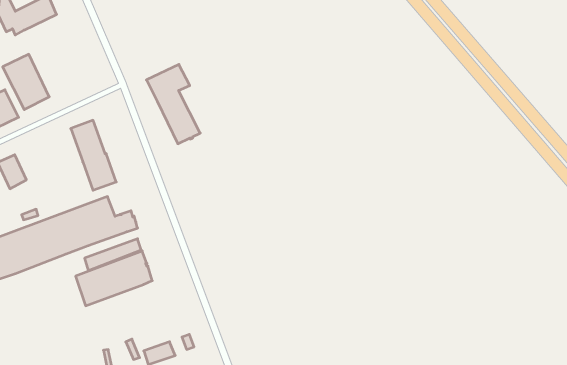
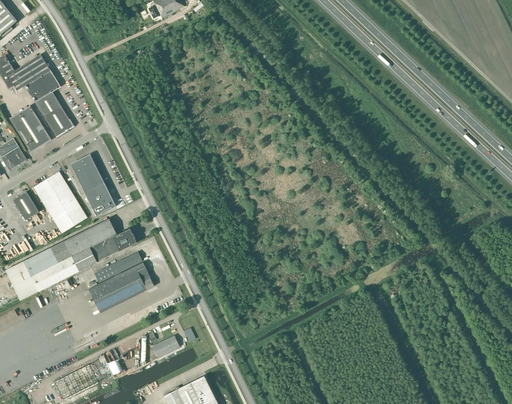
building: [146,64,200,144] -> [23,69,73,136]
building: none -> [33,171,87,233]

